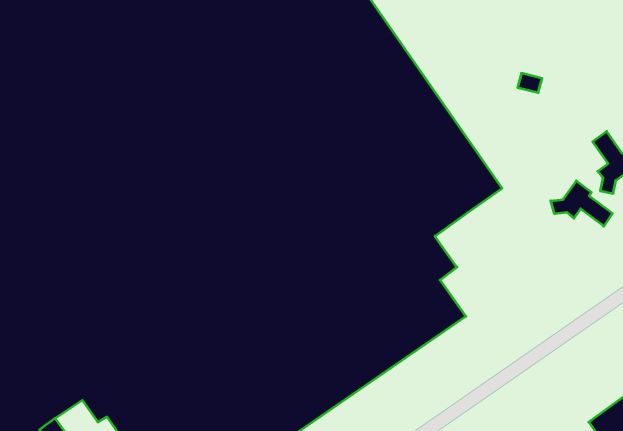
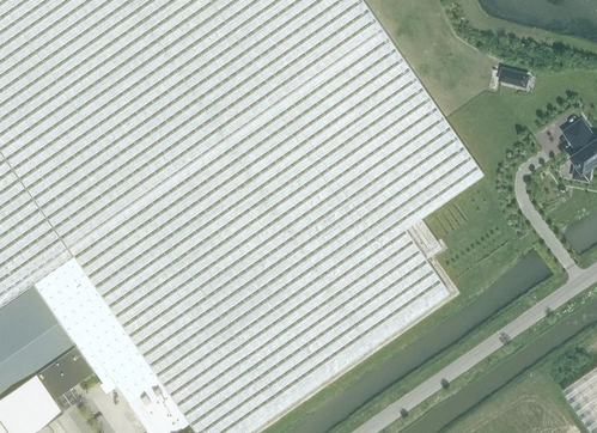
building: [551,181,612,226] -> none

